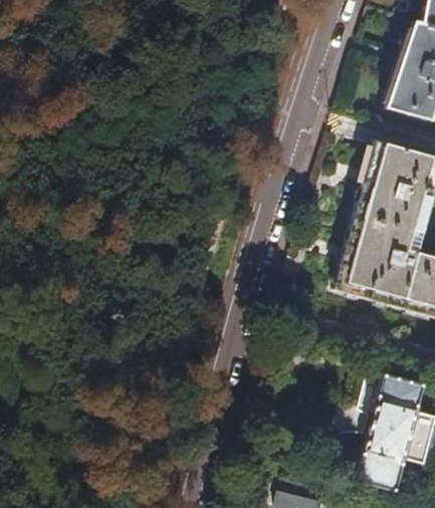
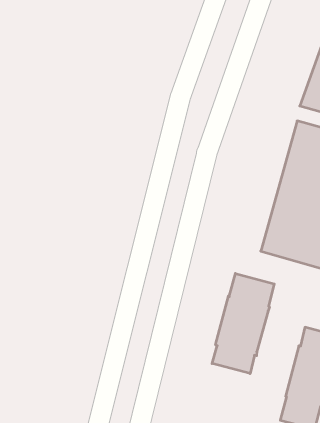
building: none -> [212,273,274,374]

